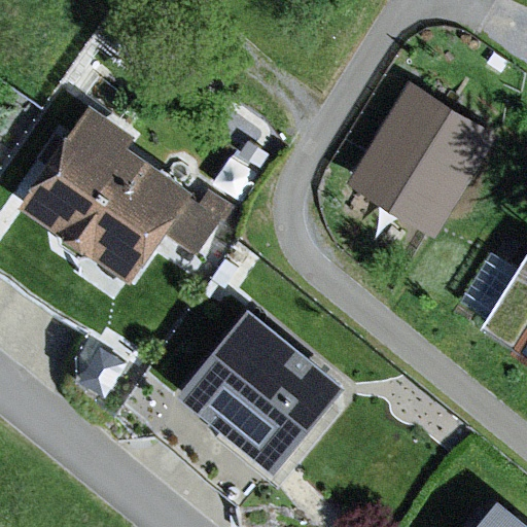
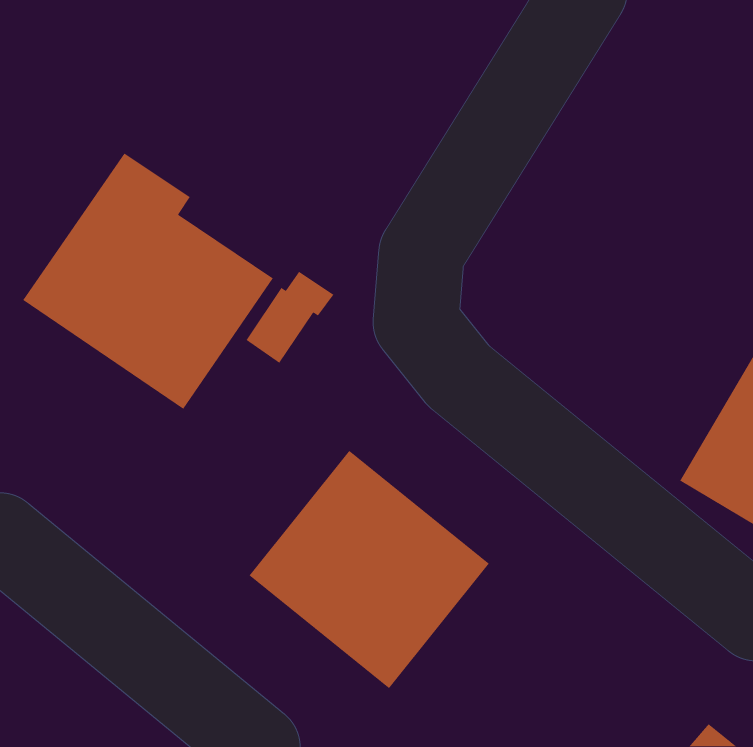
building: [346,79,498,237] -> none

